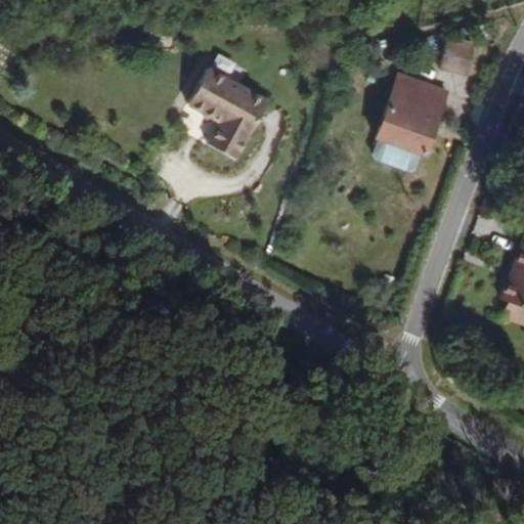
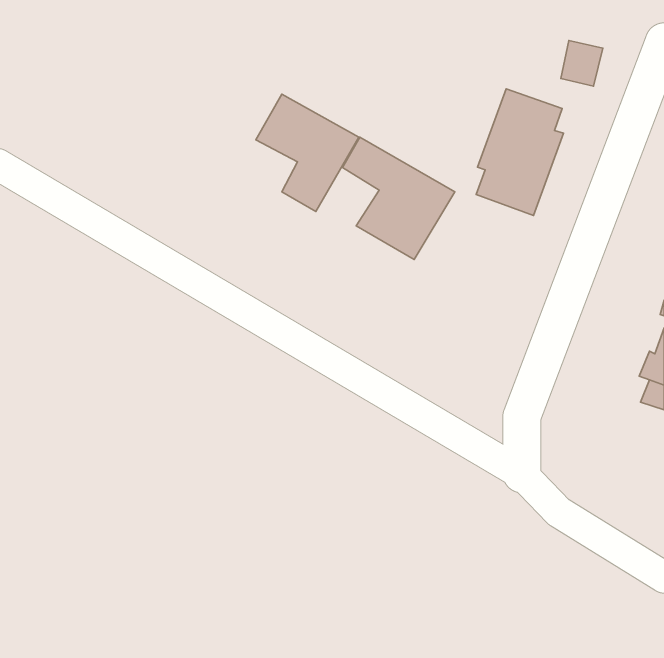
building: none -> [342,137,455,259]

